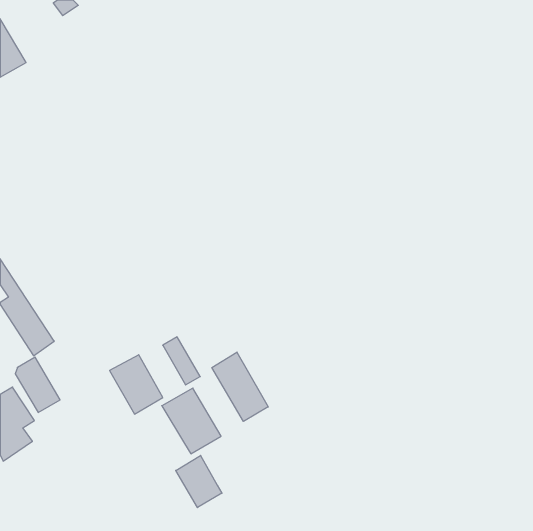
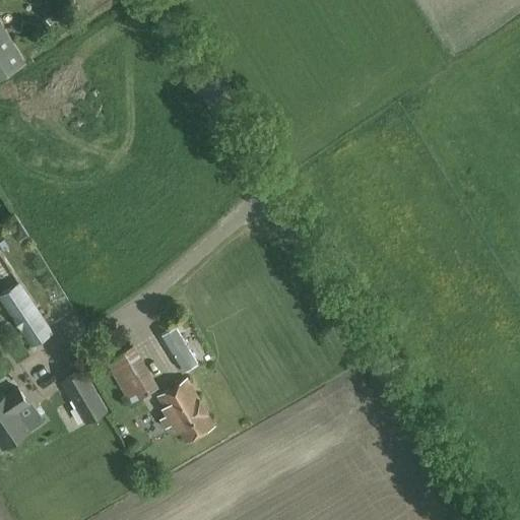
building: [212,352,268,421] -> none
building: [15,357,60,412] -> [64,371,108,425]
building: [176,455,222,508] -> none

